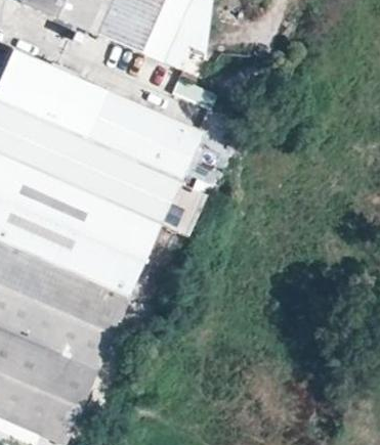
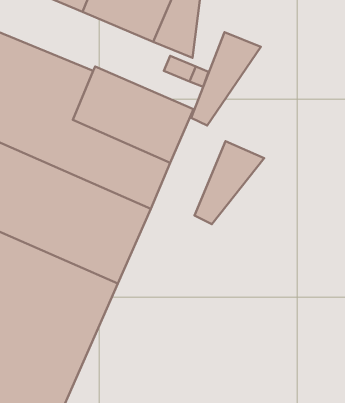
building: none -> [191,32,261,125]
building: none -> [195,141,264,224]

